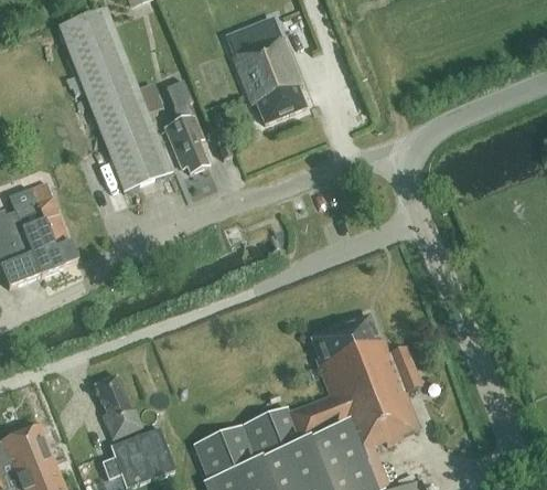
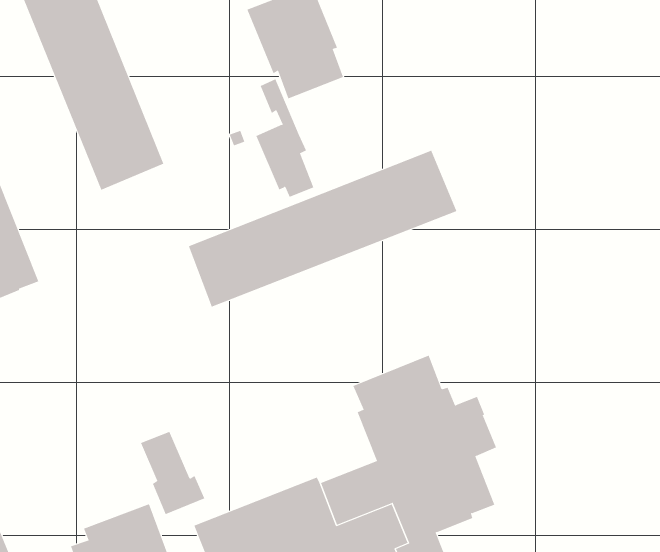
building: [164,84,208,173] -> [255,79,314,198]
building: none -> [188,150,457,307]
building: [94,375,142,438] -> [140,431,205,515]

